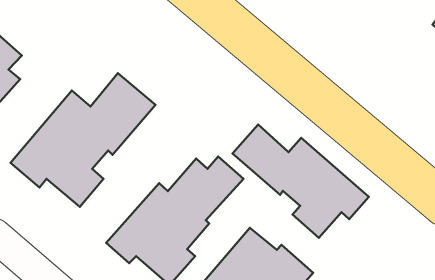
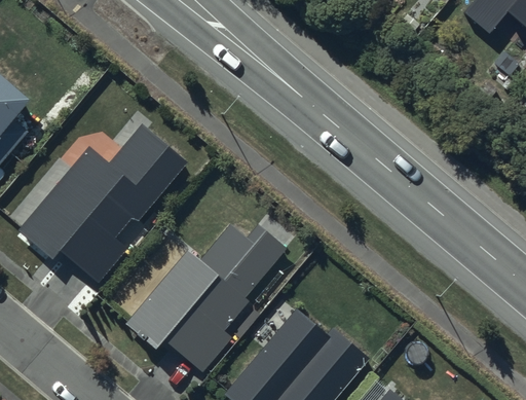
building: [233,125,369,238] -> none

